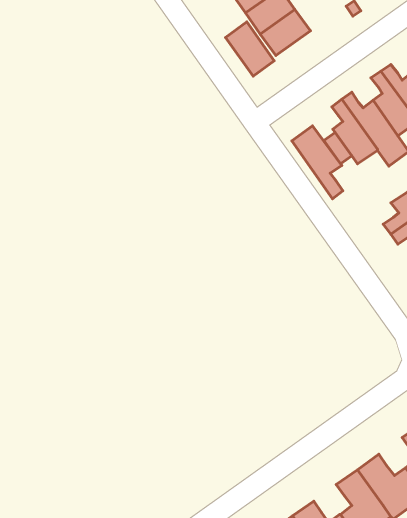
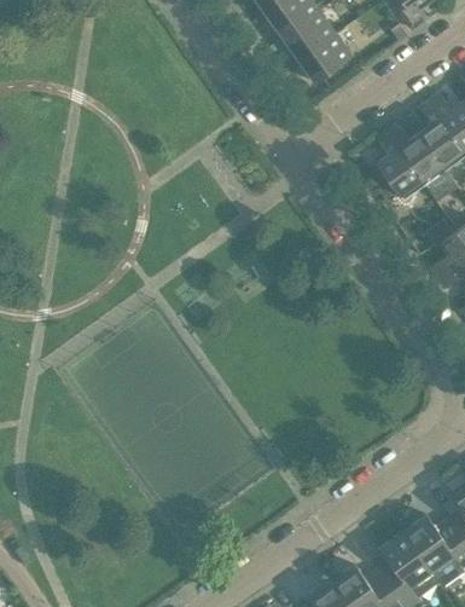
building: [226,22,274,76] -> none
building: [292,126,343,199] -> none

